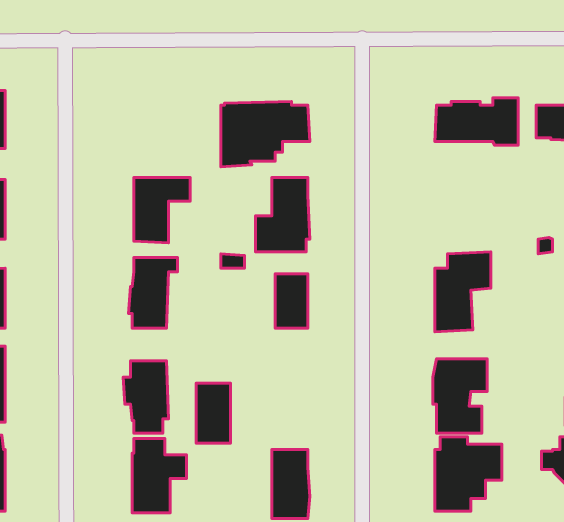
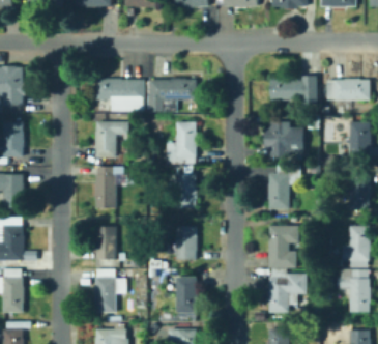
building: none -> [95,78,145,110]
building: none -> [264,120,303,156]
building: [196,383,231,443] -> [177,226,197,260]

